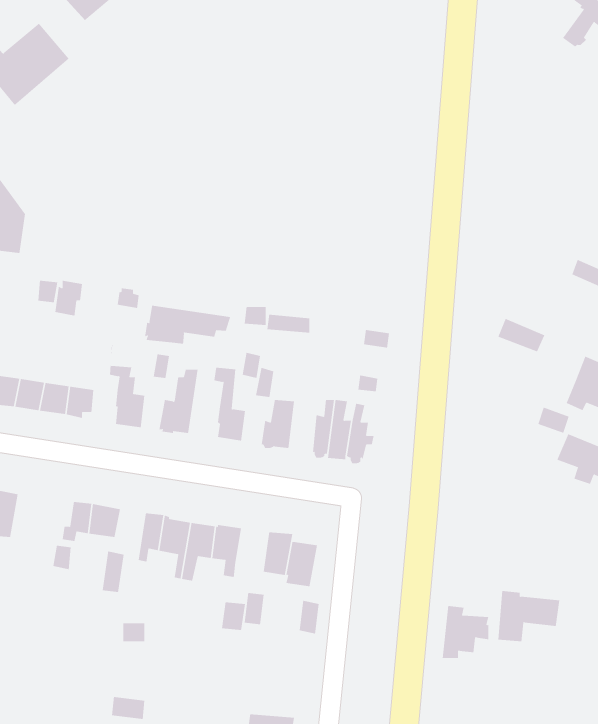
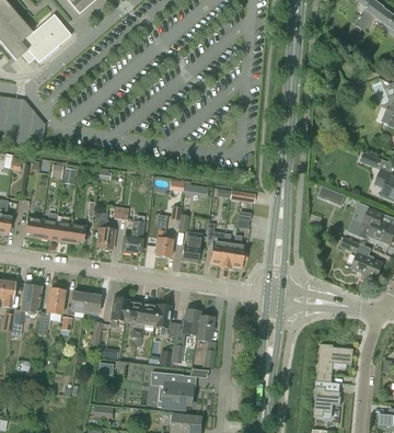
building: [144,305,231,344] -> none
building: none -> [36,288,65,334]
building: [442,606,489,659] -> [313,385,340,415]
building: none -> [150,371,193,409]

